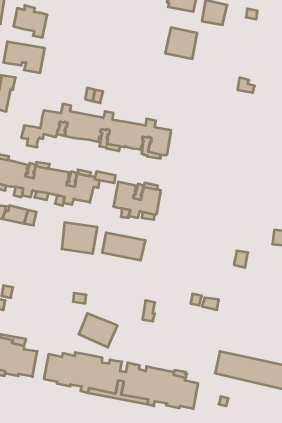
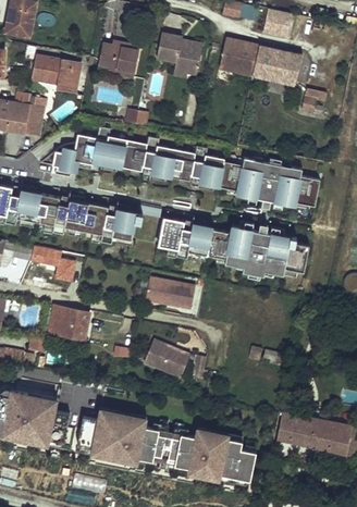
building: [13,5,47,37] -> [98,41,137,78]
building: none -> [156,35,201,77]
building: none -> [250,46,301,85]
building: none -> [221,157,319,205]
building: none -> [209,226,310,276]
building: [62,223,97,254] -> [48,304,89,339]
building: [79,313,117,347] -> [143,338,187,378]

